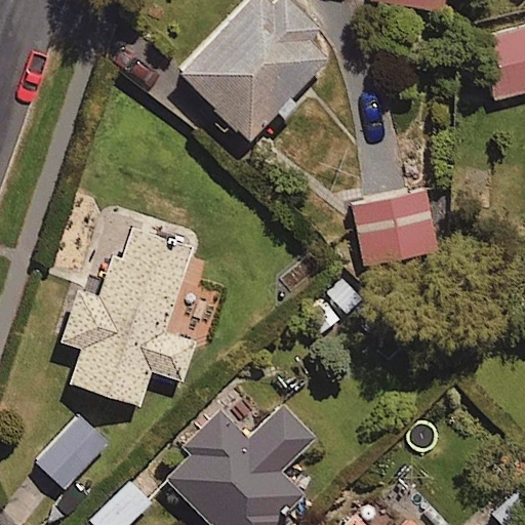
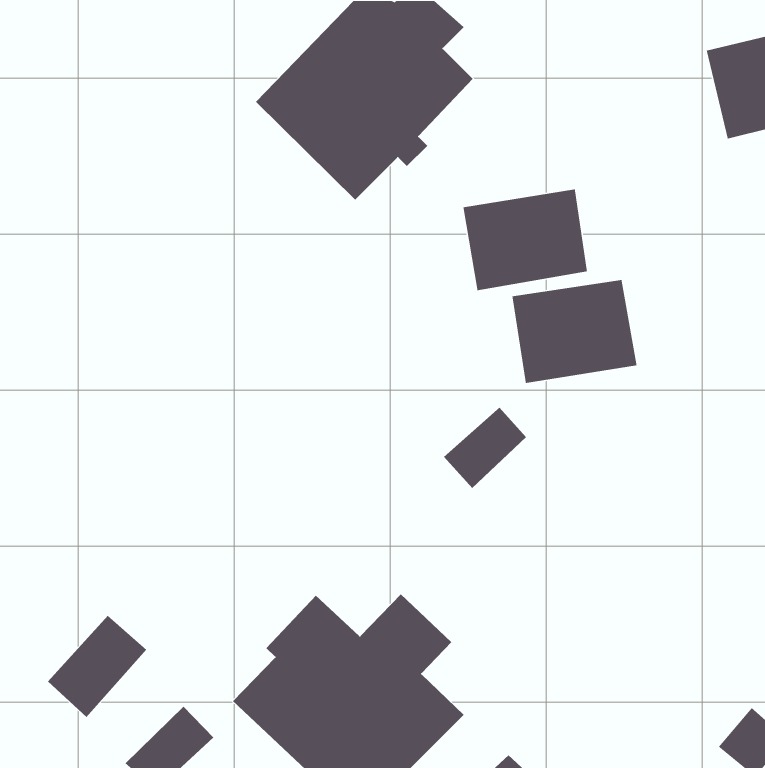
building: none -> [462,188,588,291]
building: [63,225,193,404] -> none

